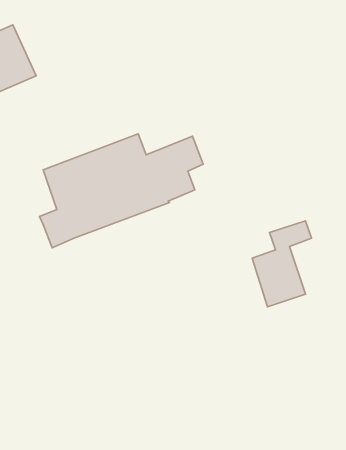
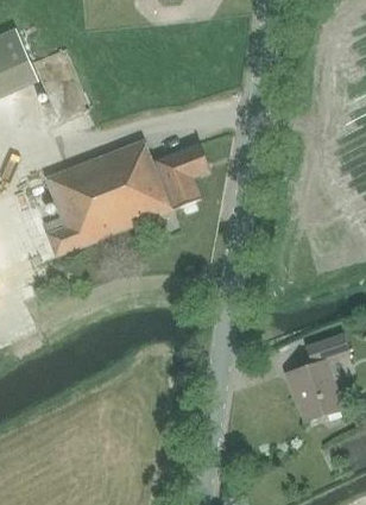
building: [252,221,311,307] -> [288,334,348,422]

